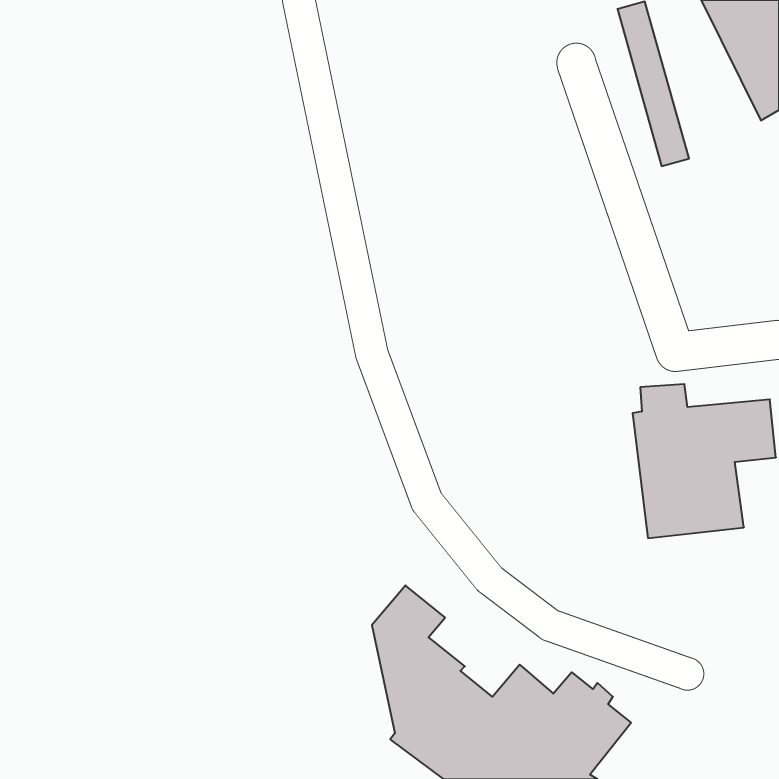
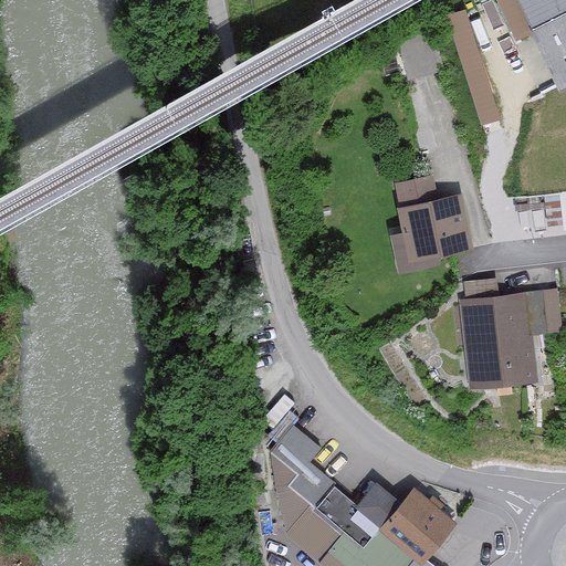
building: none -> [382,174,468,271]

